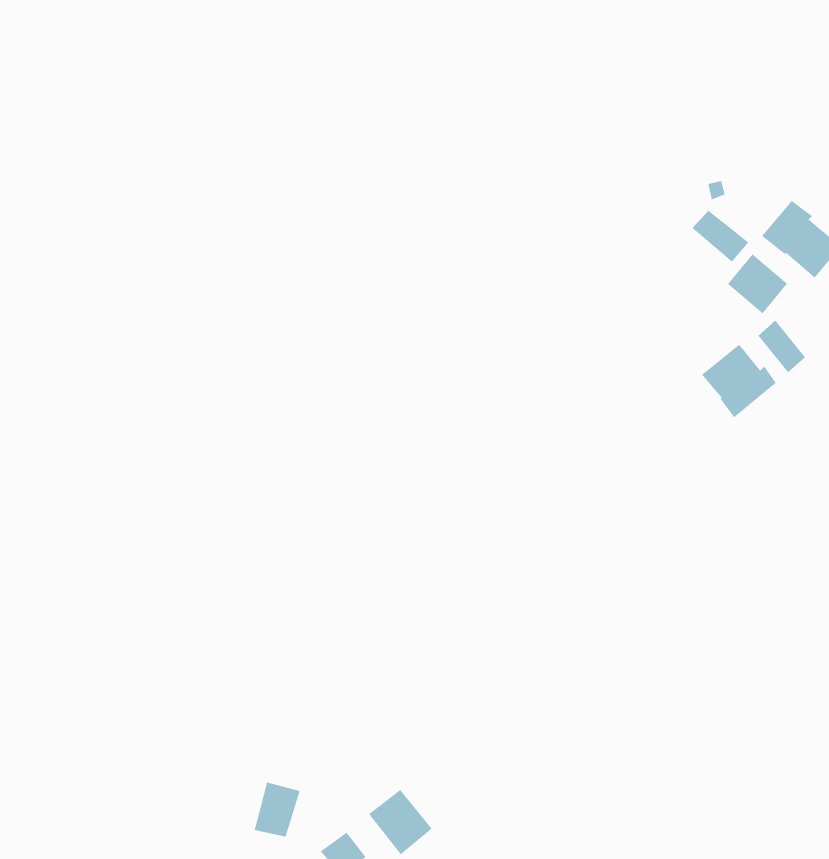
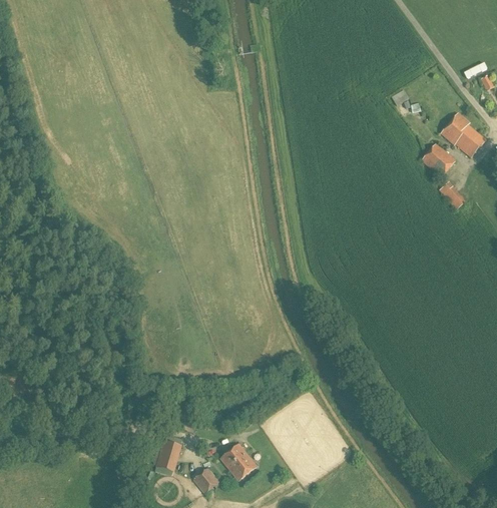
building: [691,210,749,263] -> none
building: [701,344,777,418] -> none

